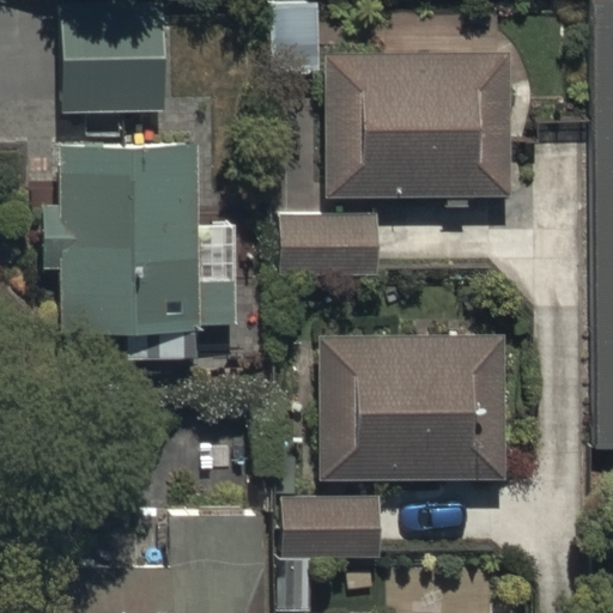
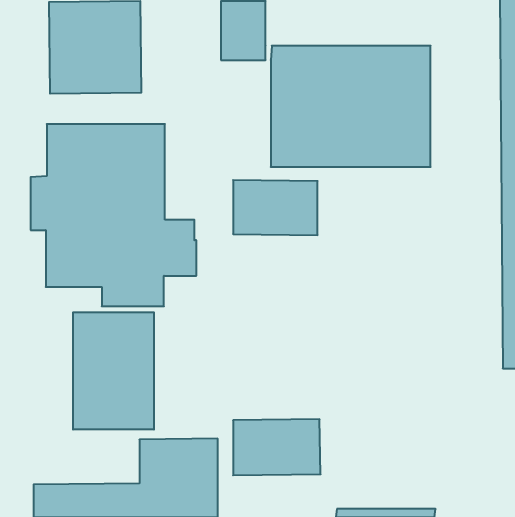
building: [318,336,508,480] -> none
building: none -> [73,312,154,430]

